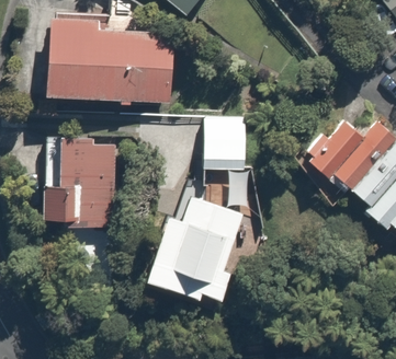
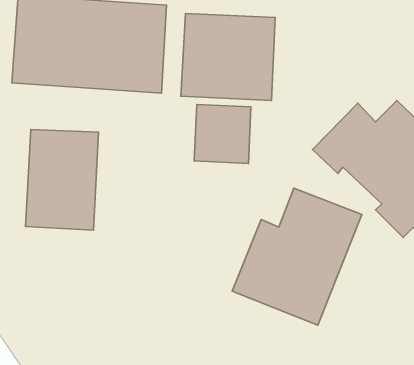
building: none -> [181,14,275,100]
building: [136,178,249,298] -> [232,188,362,325]

